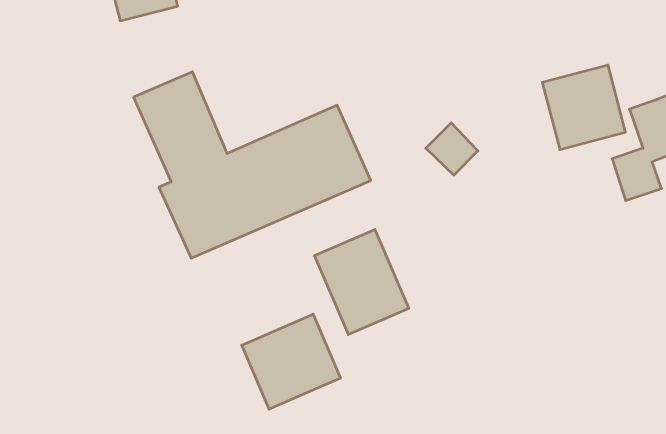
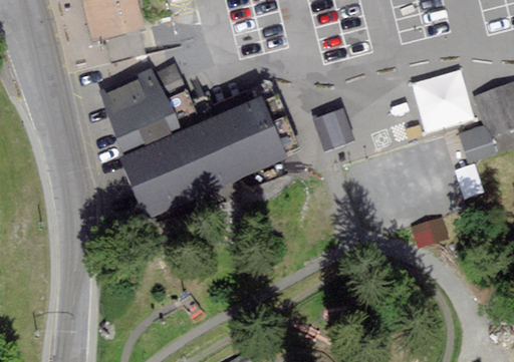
building: [315,229,409,335] -> none
building: [242,314,340,409] -> none

